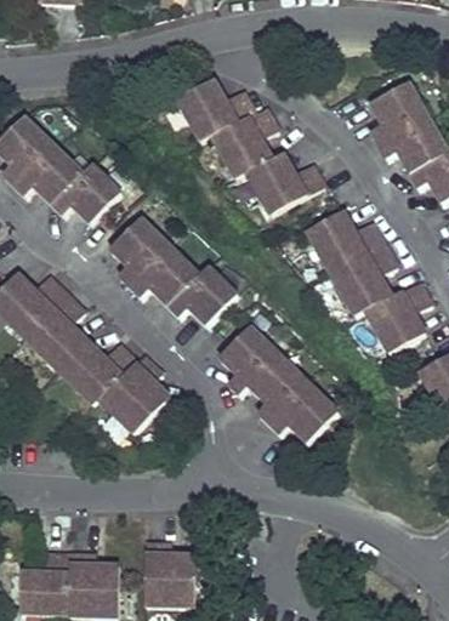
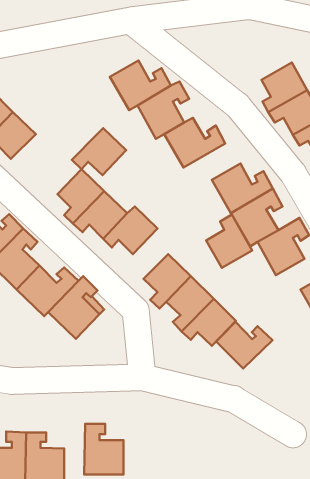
building: [50,164,119,223] -> [72,128,126,175]
building: none -> [206,215,252,268]
building: none -> [216,322,272,368]

